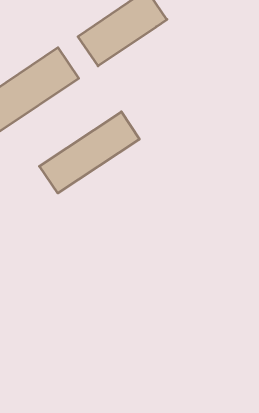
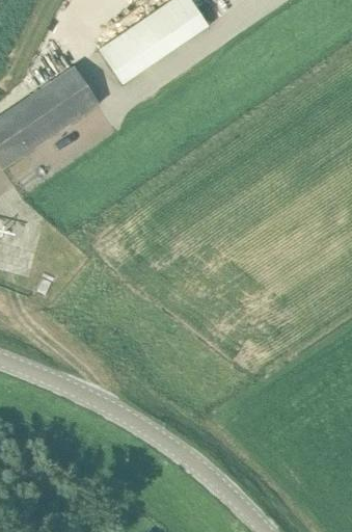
building: [39,112,139,193] -> none

